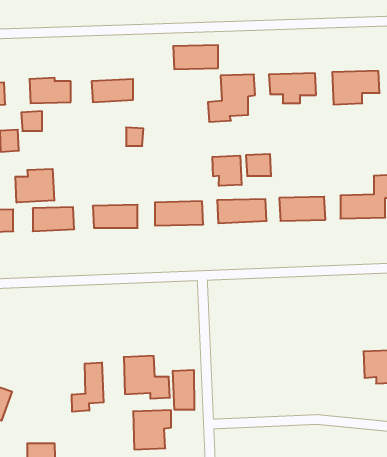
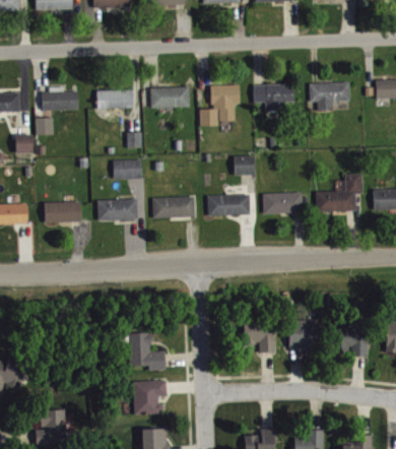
building: [173,45,218,69] -> [150,86,190,108]
building: [213,156,242,186] -> none
building: none -> [113,159,142,179]
building: [15,169,54,203] -> none
building: none -> [242,319,274,351]
building: none -> [288,319,318,349]
building: [72,362,104,412] -> none
building: [173,370,194,410] -> none

